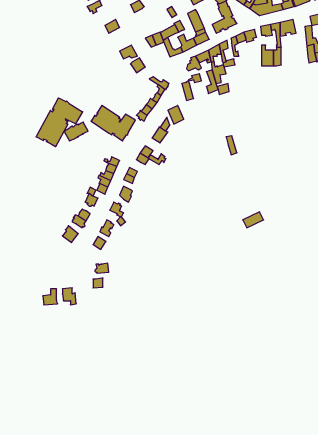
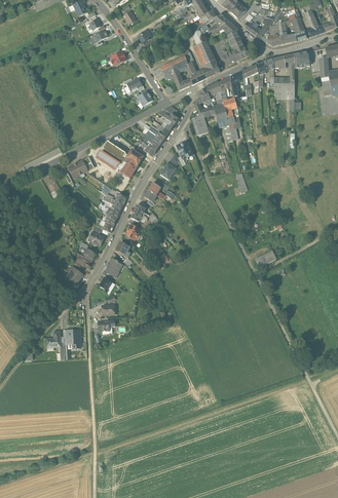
building: [36,98,83,147] -> none

